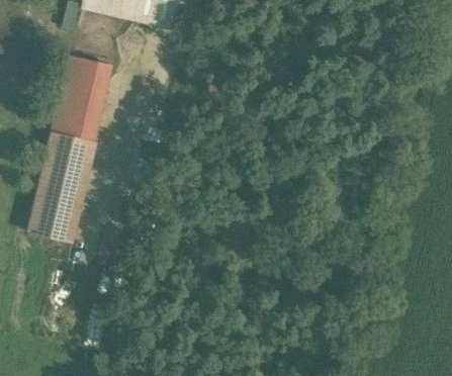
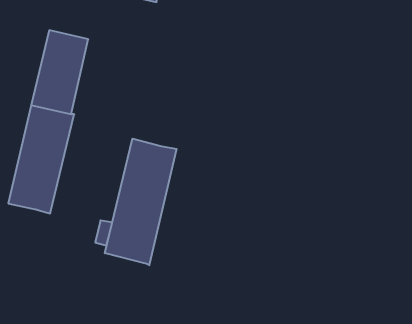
building: none -> [105,139,177,265]

